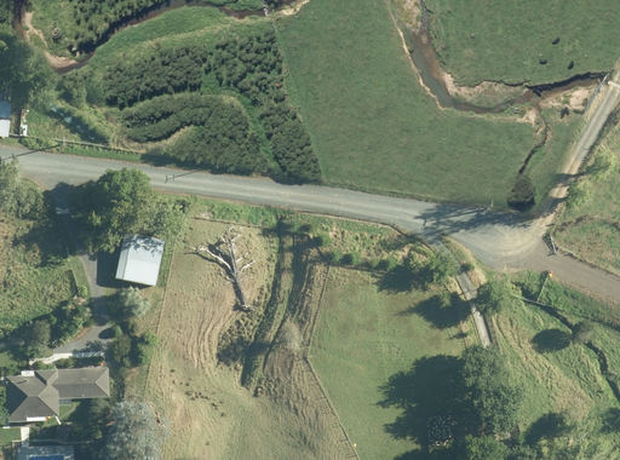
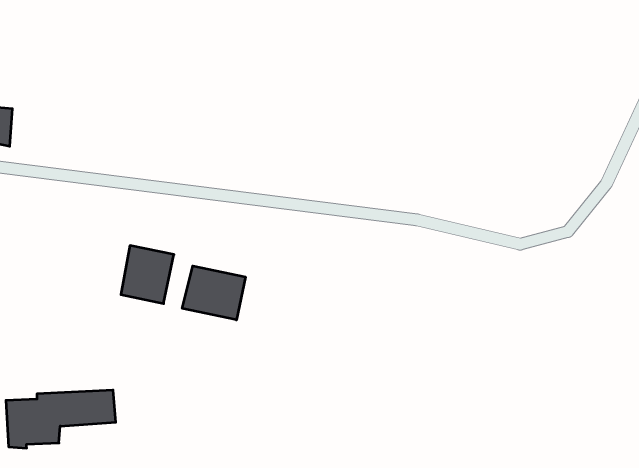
building: none -> [182,266,245,320]

